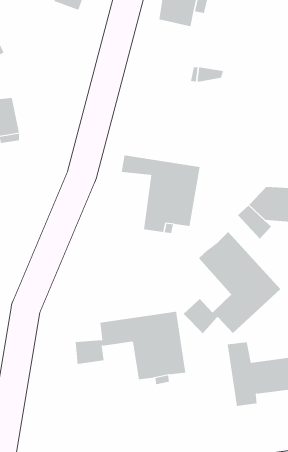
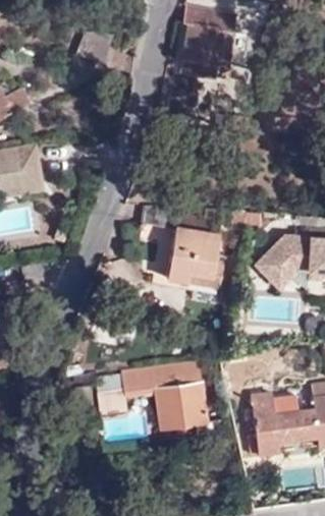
building: [183,231,281,334] -> none

